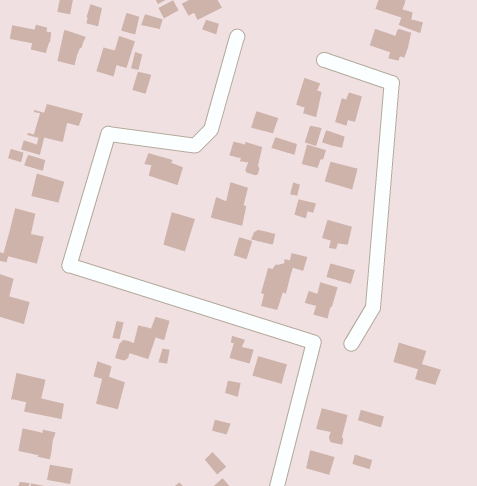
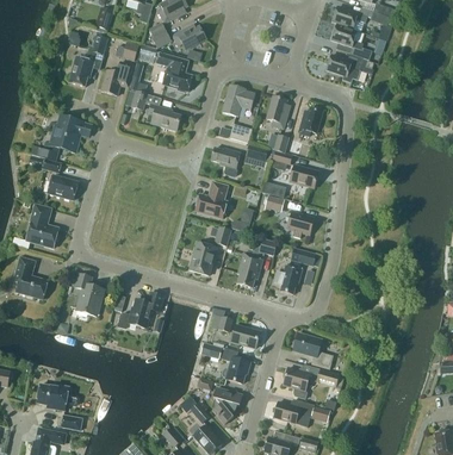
building: [9,24,52,54] -> none
building: none -> [156,52,192,92]
building: none -> [223,83,255,116]
building: [143,153,184,186] -> [148,104,181,131]
building: [162,212,196,252] -> [190,242,217,275]
building: [393,342,442,385] -> [293,332,334,368]
building: [92,360,126,410] -> [75,273,103,313]
building: [10,372,64,420] -> none
building: none -> [222,347,250,384]
building: none -> [212,387,242,424]

